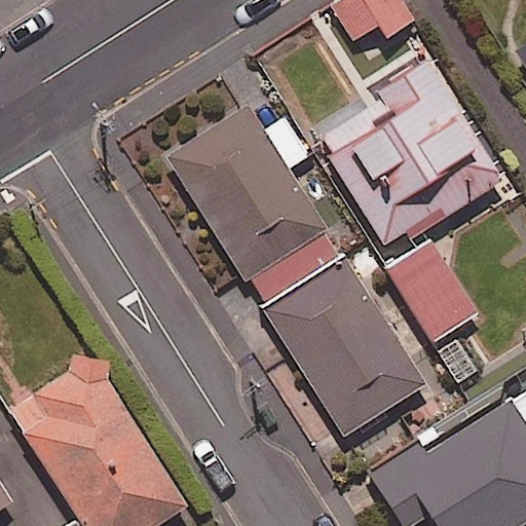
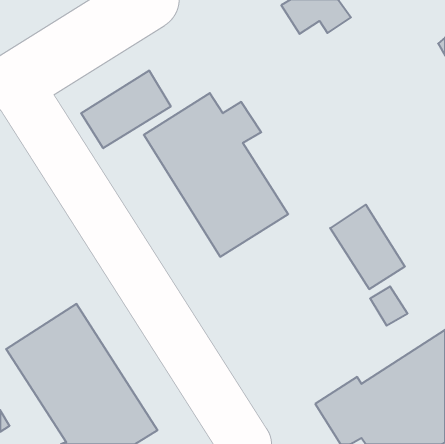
building: [315,65,501,253] -> none
building: none -> [81,70,171,148]
building: [266,259,425,435] -> none

